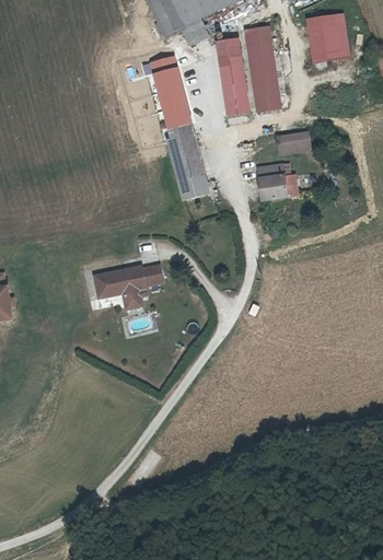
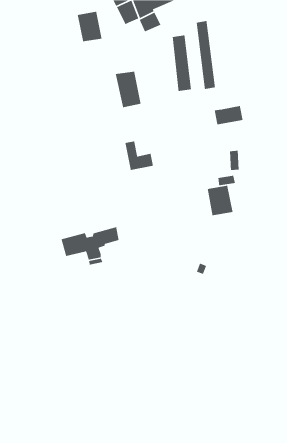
building: [310,18,345,63] -> none
building: [152,52,182,89] -> [77,11,102,42]
building: [164,124,200,183] -> none
building: [255,158,286,194] -> [207,185,234,216]

